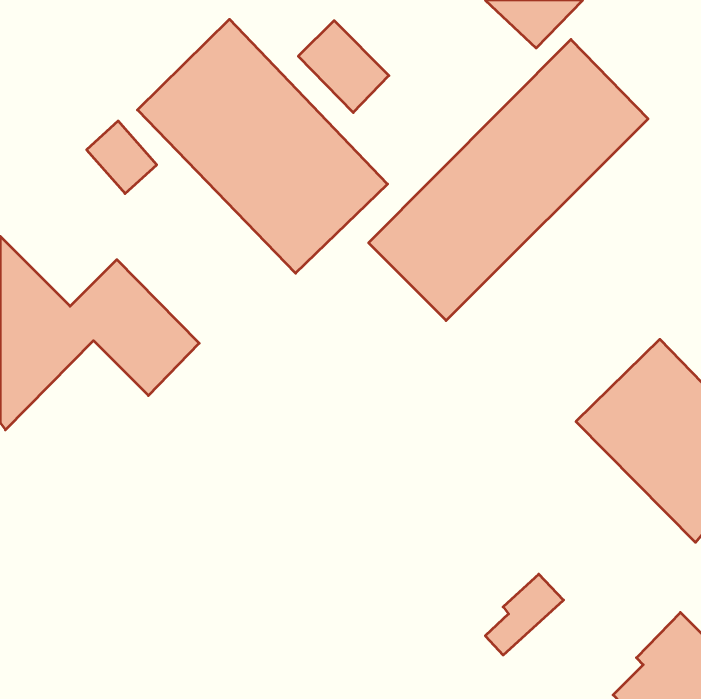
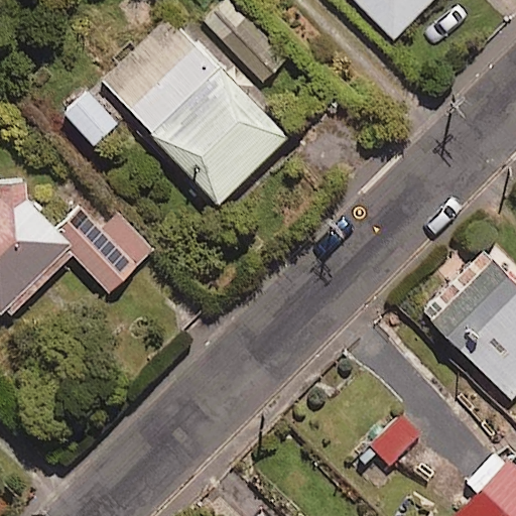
building: [369,39,648,321] -> none

